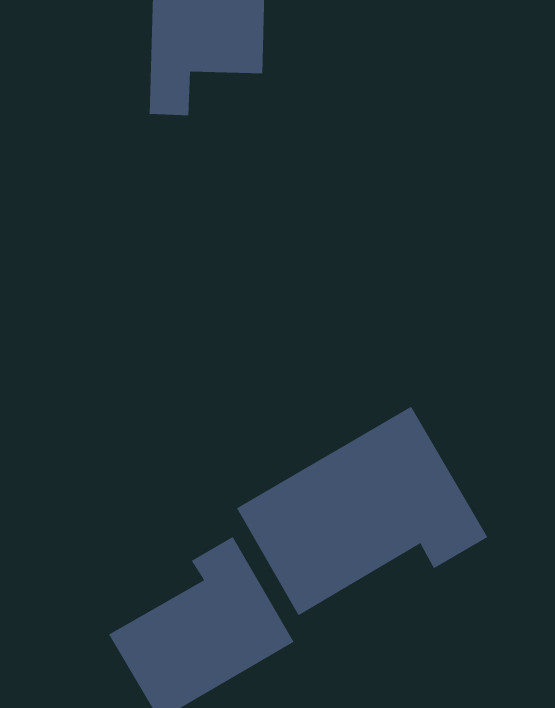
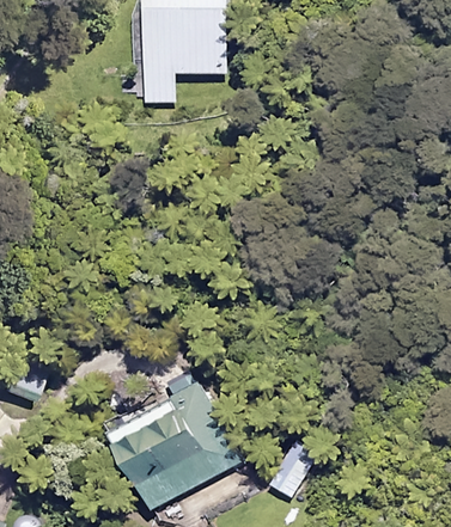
building: [236,406,488,616] -> none

